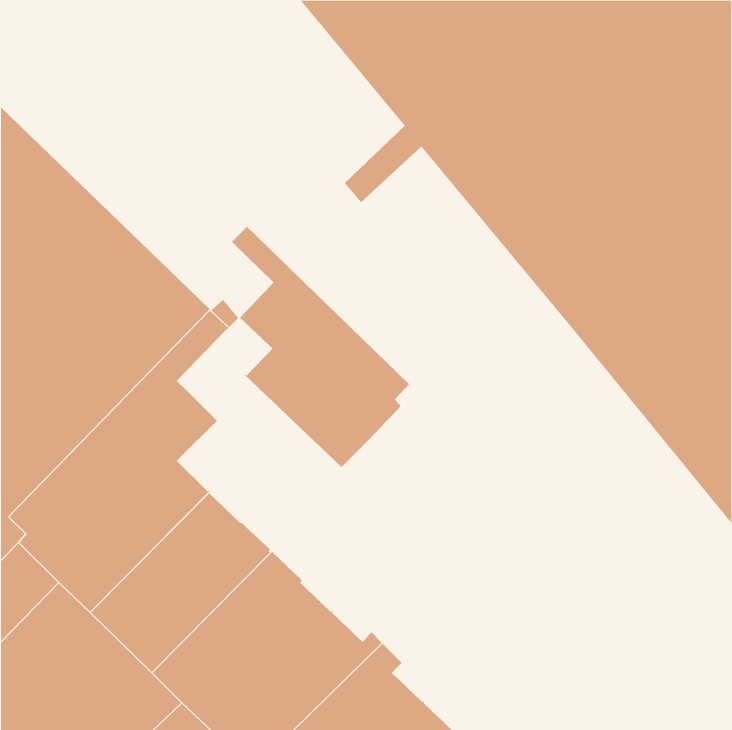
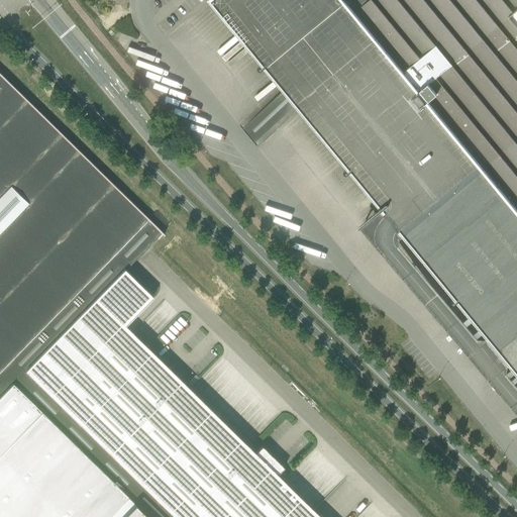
building: [231,225,410,468] -> none

